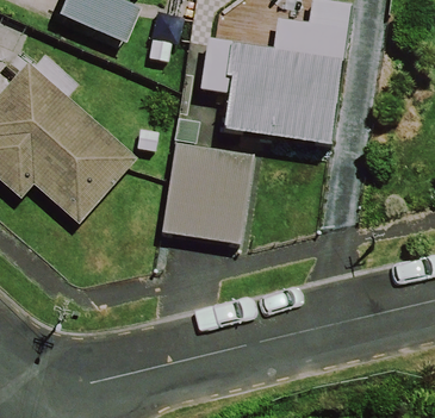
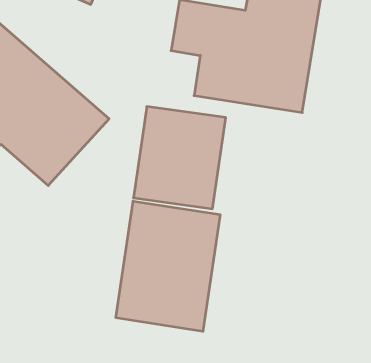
building: none -> [116,201,220,331]

